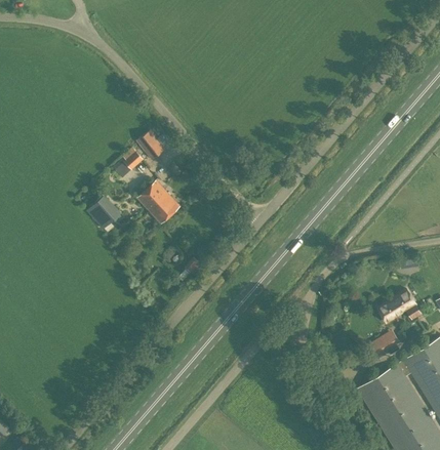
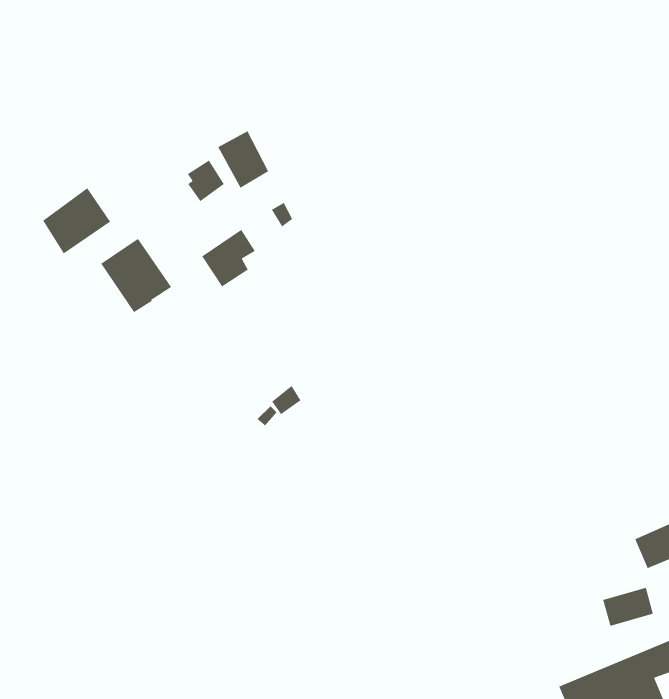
building: none -> [42,187,111,254]
building: [150,191,179,223] -> none

